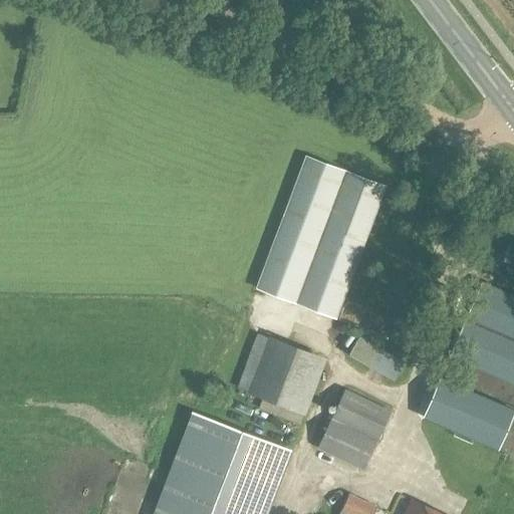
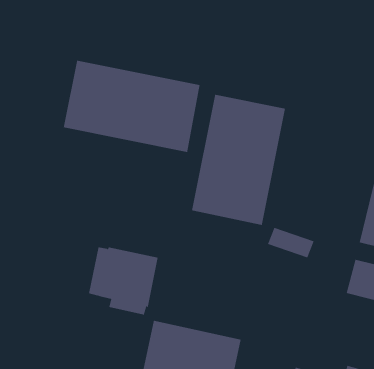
building: none -> [63,60,200,153]
building: [237,334,326,424] -> [88,247,158,315]
building: [317,391,392,470] -> none

